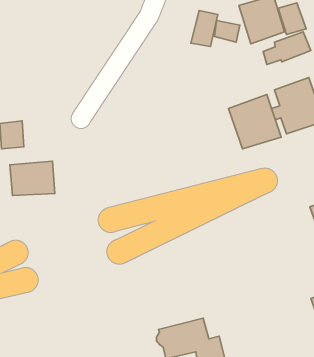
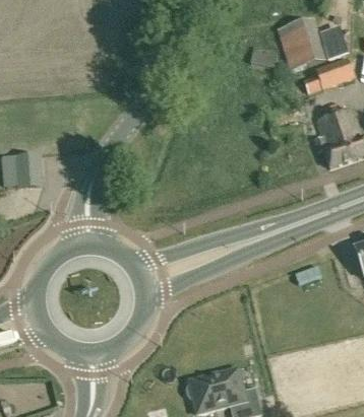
building: [191,11,218,47] -> none
building: [228,95,281,149] -> none
building: [10,161,55,195] -> none

